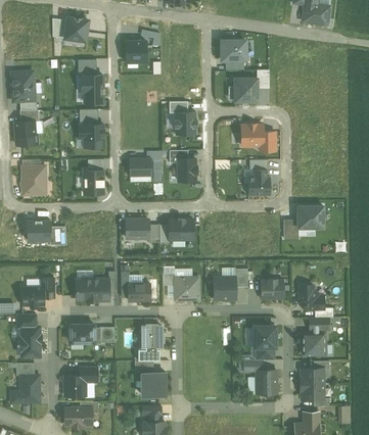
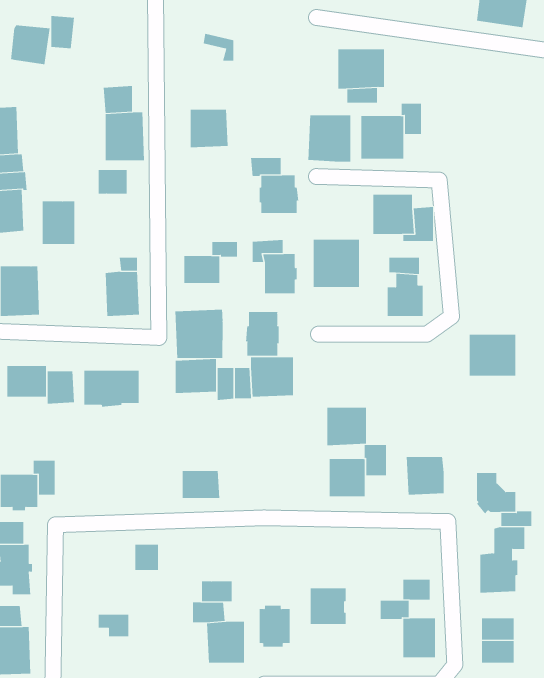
building: [64,17,88,41] -> [10,25,50,65]
building: [125,40,147,62] -> [190,109,228,148]
building: none -> [308,115,351,163]
building: [85,123,104,148] -> [42,201,75,245]
building: none -> [313,239,360,288]
building: none -> [175,309,223,359]
building: none -> [245,311,279,356]
building: [176,278,199,300] -> [327,407,367,446]
building: [77,280,109,301] -> [84,370,140,407]
building: [144,324,163,348] -> [259,605,290,647]
building: [70,325,101,344] -> none
building: [255,326,276,347] -> [310,588,347,625]
building: [65,376,86,396] -> none

